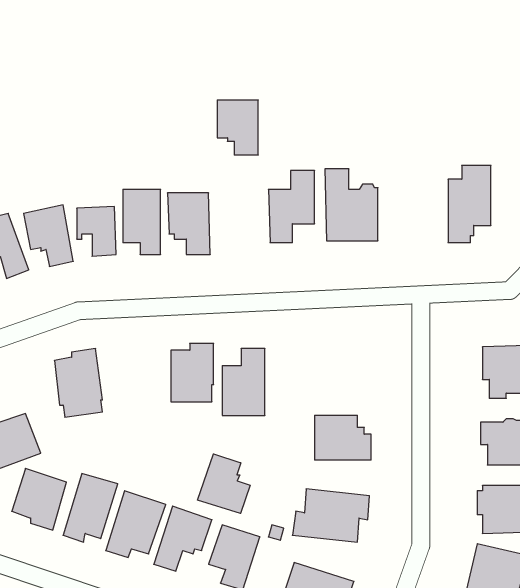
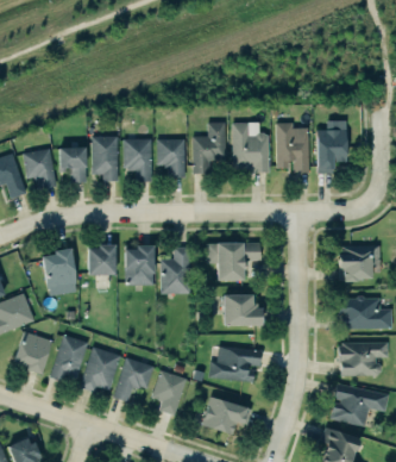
building: [217,100,258,155] -> [157,139,186,177]
building: none -> [276,124,309,173]
building: none -> [207,243,262,280]
building: none -> [89,244,118,275]
building: [198,454,250,513] -> none

